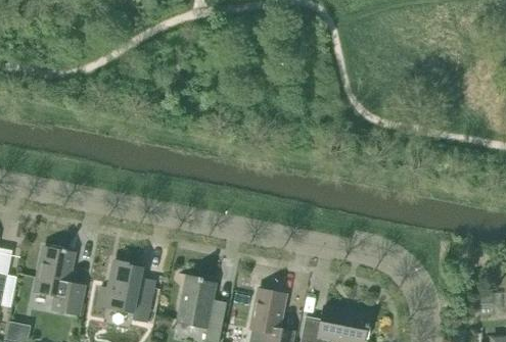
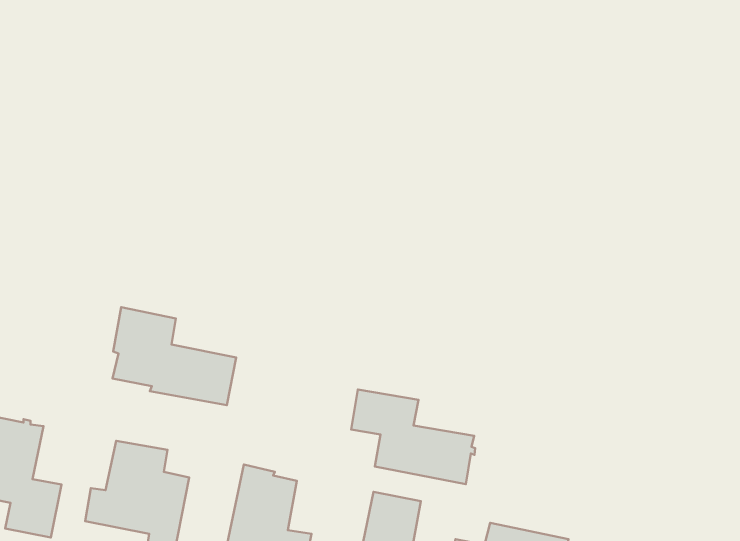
building: none -> [112,307,236,405]
building: none -> [351,389,475,484]

